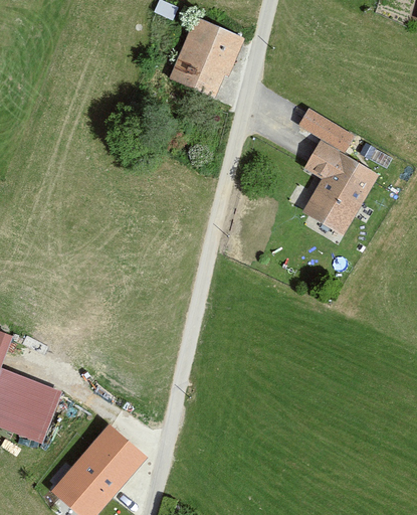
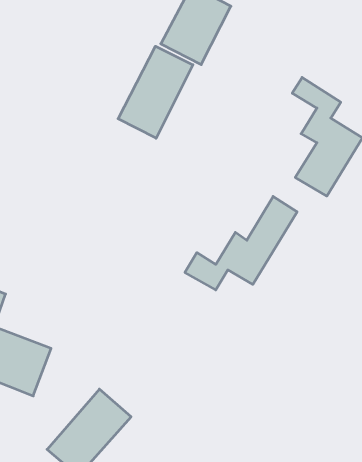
building: none -> [118,46,193,138]
building: none -> [185,196,297,290]

